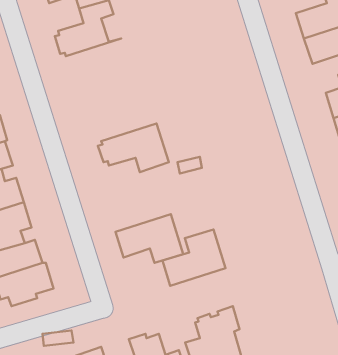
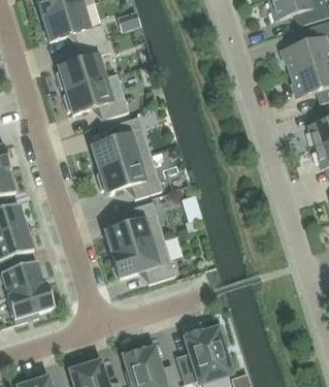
building: none -> [62,73,128,119]
building: none -> [91,116,150,169]
building: [163,229,226,286] -> [104,201,163,254]

